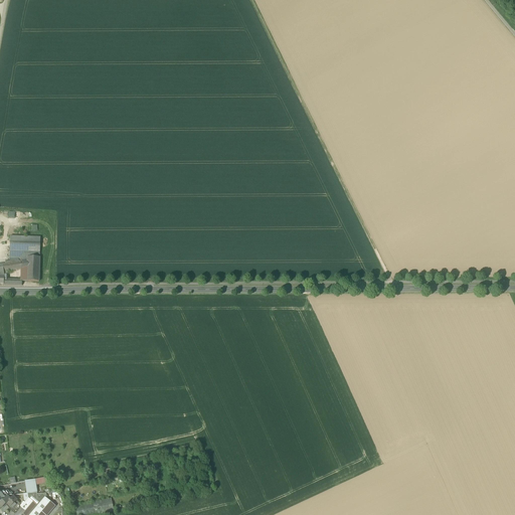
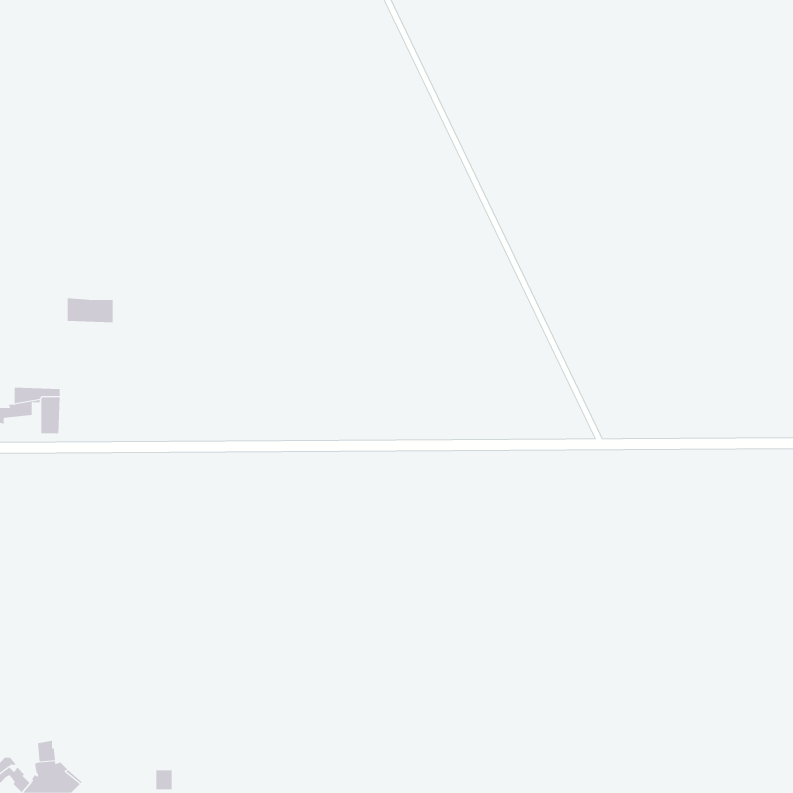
building: [9,235,39,251] -> [67,298,113,323]

